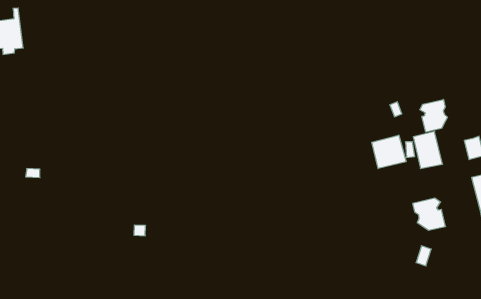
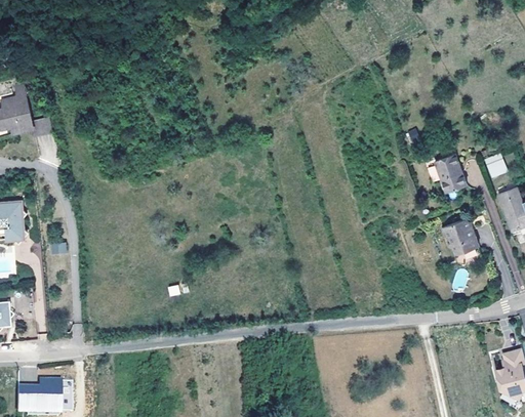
building: [420,99,447,132] -> none
building: [372,135,406,169] -> none

